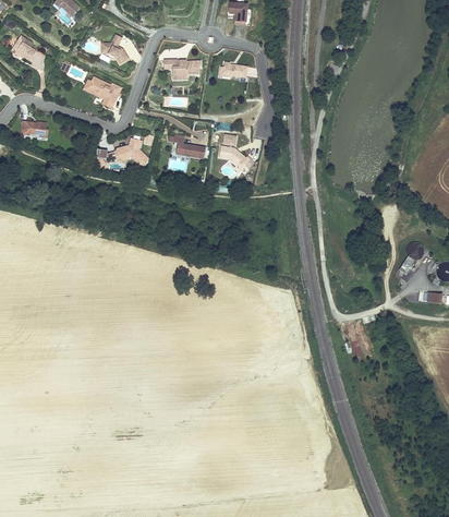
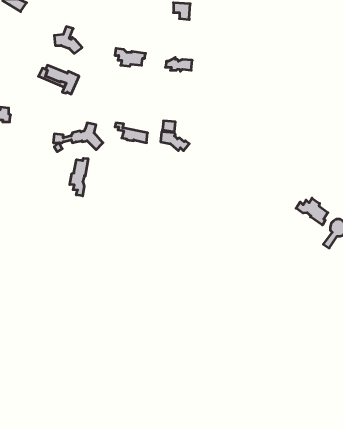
building: none -> [70,158,88,196]
building: none -> [296,198,328,225]

